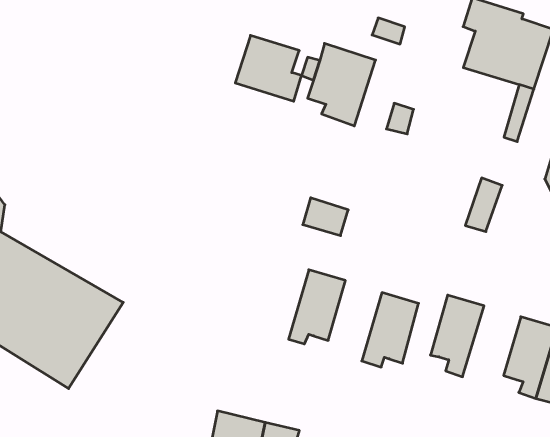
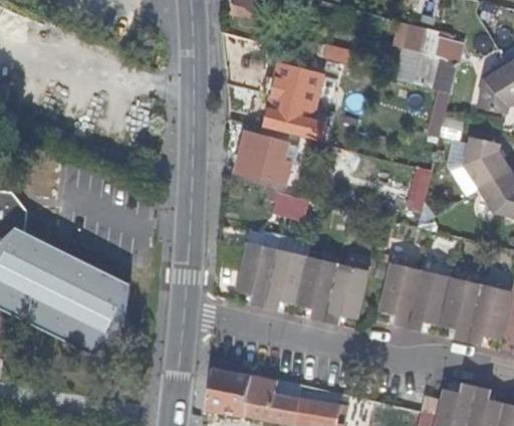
building: [235,35,301,101] -> [237,133,290,184]
building: none -> [237,241,278,306]
building: none -> [297,256,338,321]
building: none -> [408,270,452,332]

